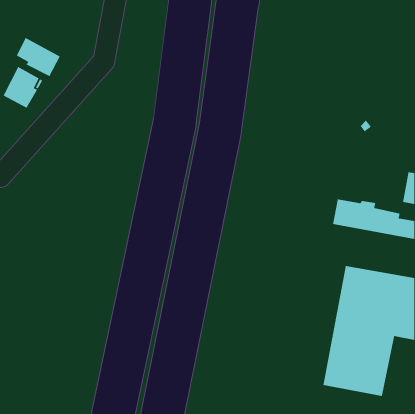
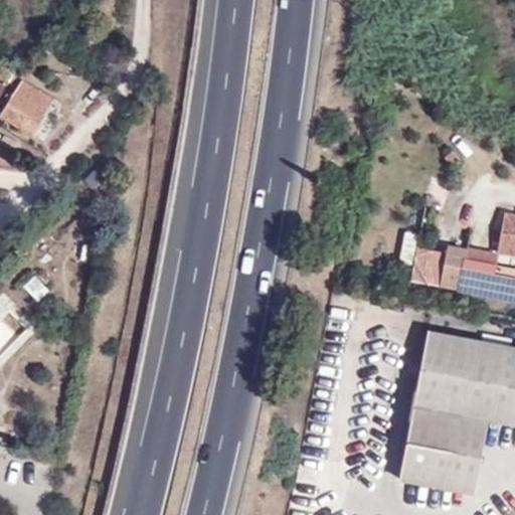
building: [16,37,61,77] -> none

